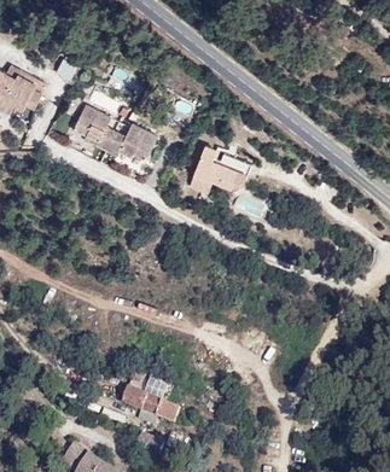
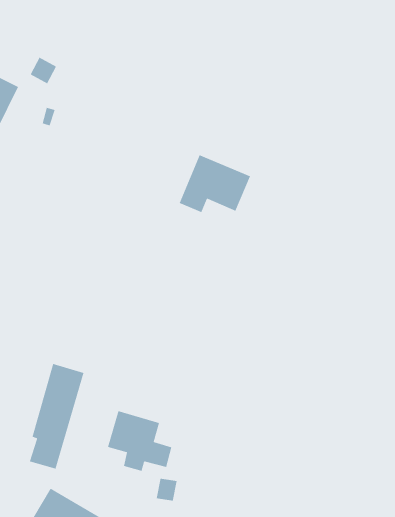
building: [70,103,156,165] -> none
building: none -> [29,363,84,470]

